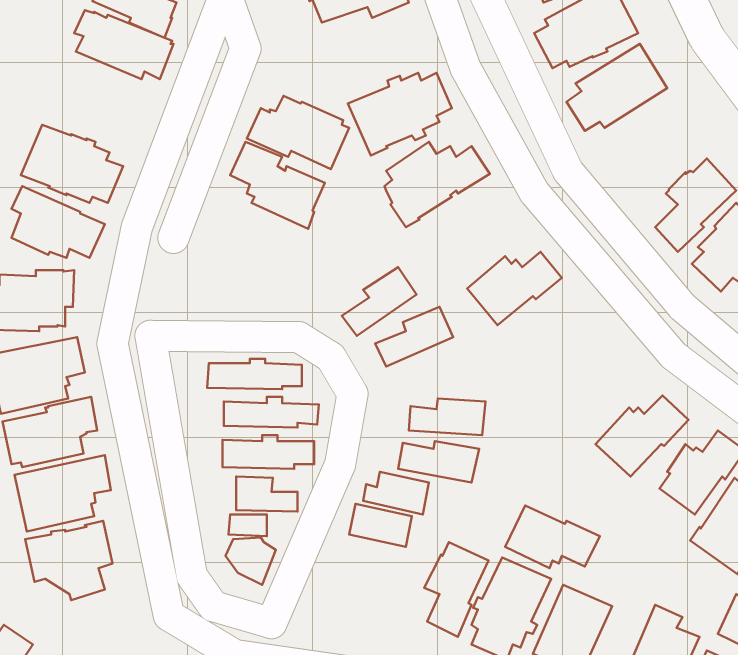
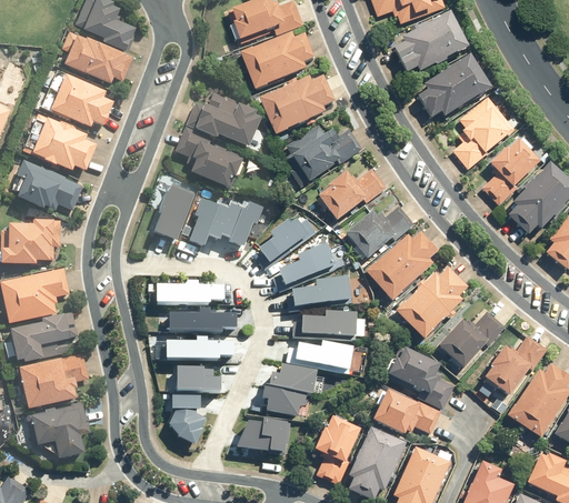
building: none -> [240,31,315,89]
building: none -> [40,69,112,125]
building: none -> [453,95,515,169]
building: none -> [319,168,387,219]
building: none -> [154,188,193,242]
building: none -> [189,198,262,248]
building: none -> [366,230,439,300]
building: none -> [396,266,469,339]
building: none -> [293,278,351,308]
building: none -> [389,344,453,409]
building: none -> [236,420,289,454]

